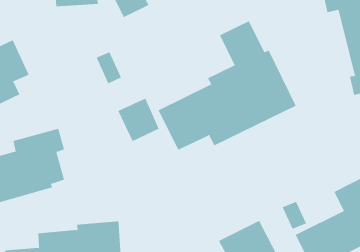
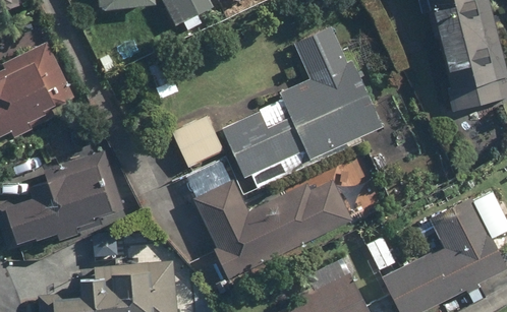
building: none -> [184,158,352,280]

